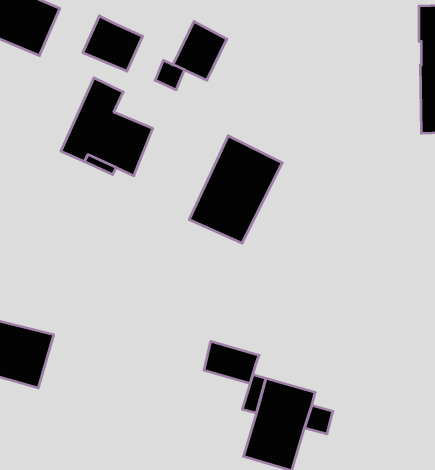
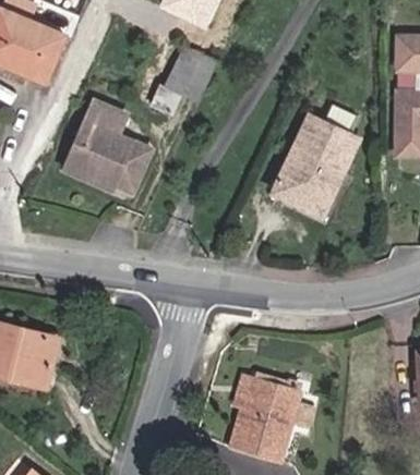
building: [83,16,143,71] -> none
building: [189,136,282,243] -> [274,114,360,214]
building: [204,341,259,384] -> none

